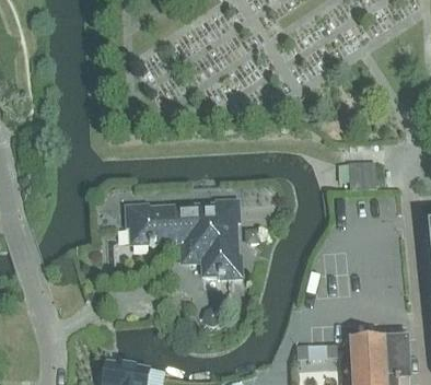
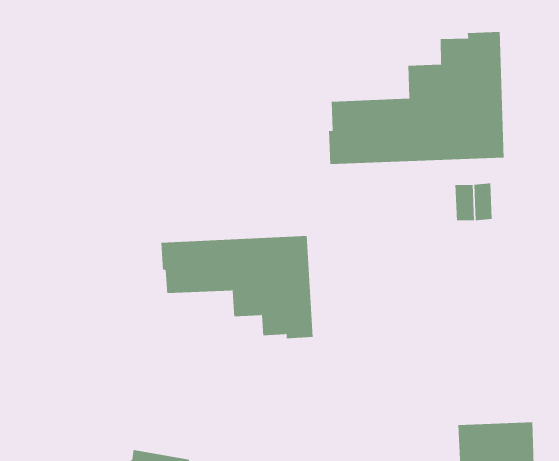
building: none -> [329,31,504,165]

